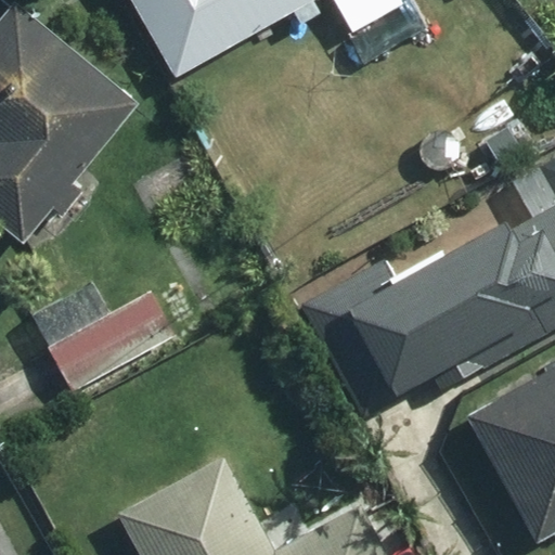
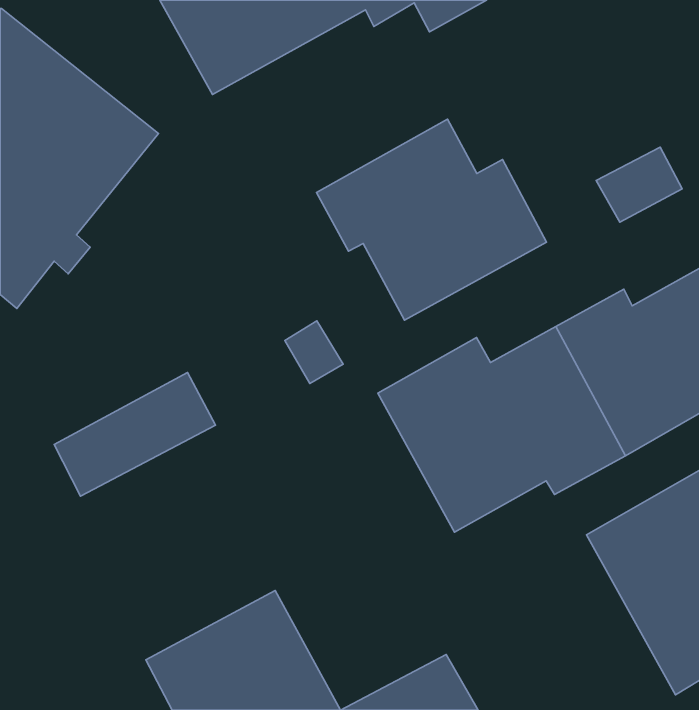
building: none -> [316,119,547,320]

